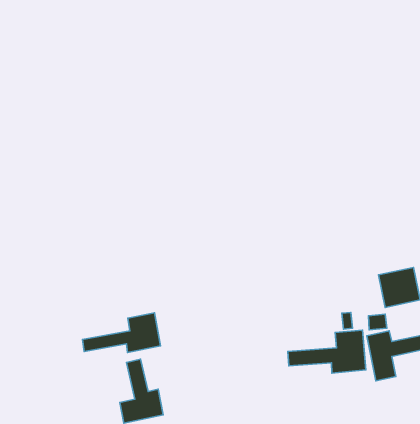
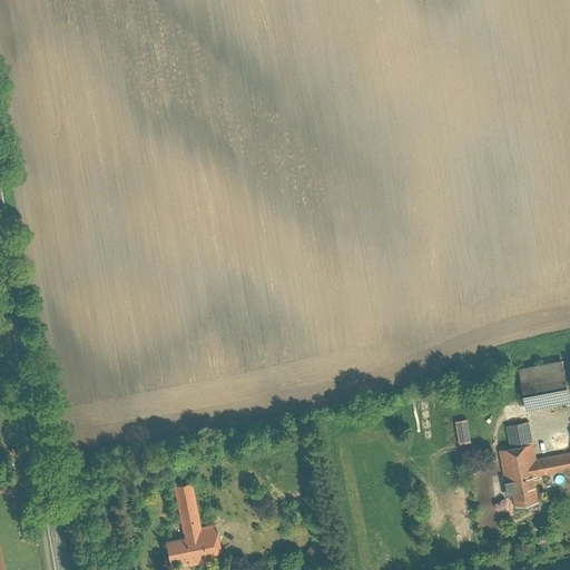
building: [83,313,161,353] -> none
building: [288,330,366,373] -> none

